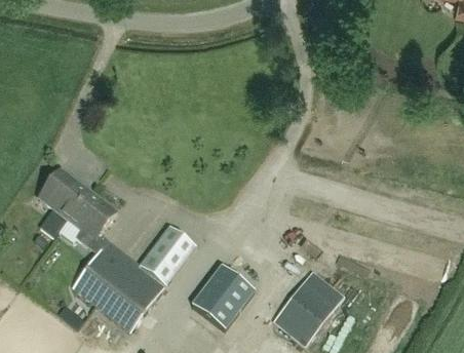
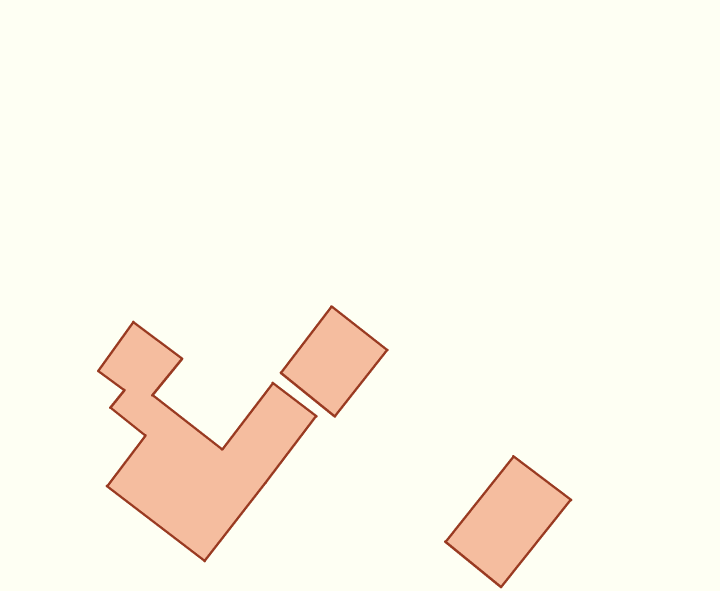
building: [39,170,88,220] -> none
building: [192,266,255,330] -> [281,307,387,416]

